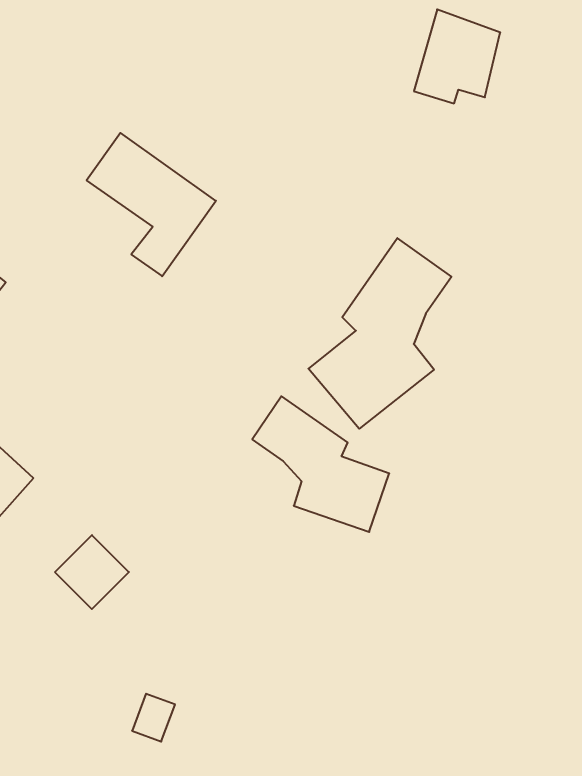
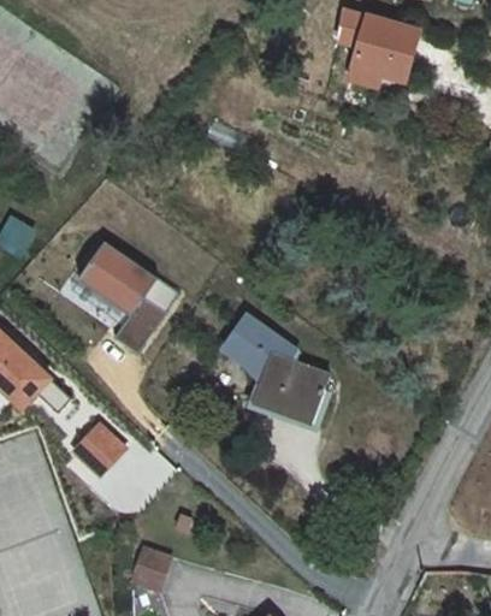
building: [87,133,216,276] -> [81,237,182,349]
building: [308,238,451,429] -> none

